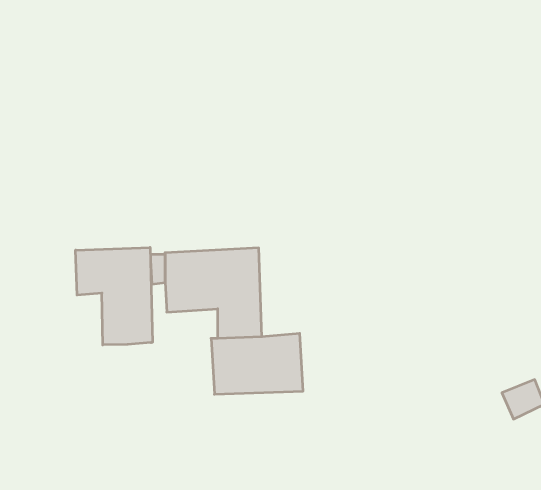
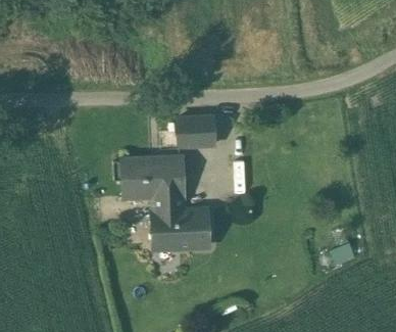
building: none -> [178,117,214,146]
building: [76,247,152,345] -> none

